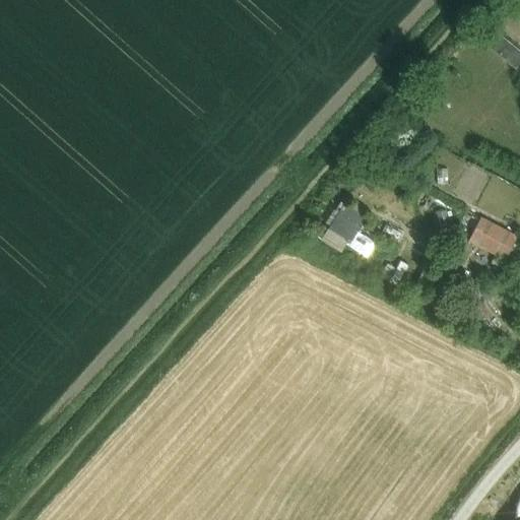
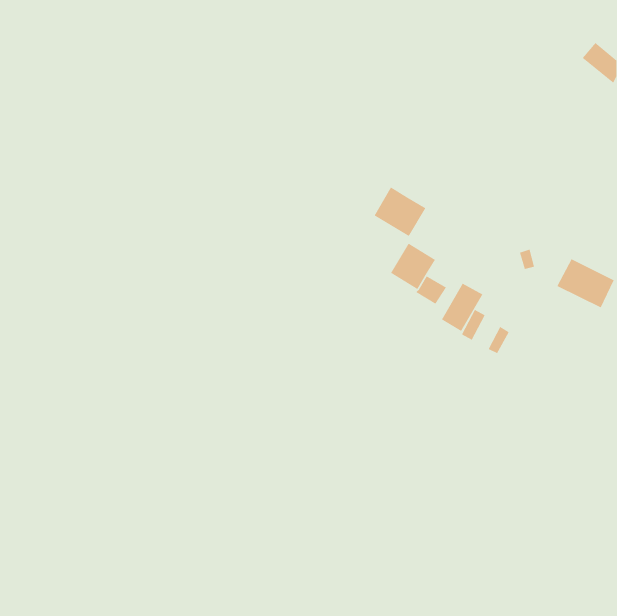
building: none -> [374,187,426,237]
building: none -> [441,283,483,332]

